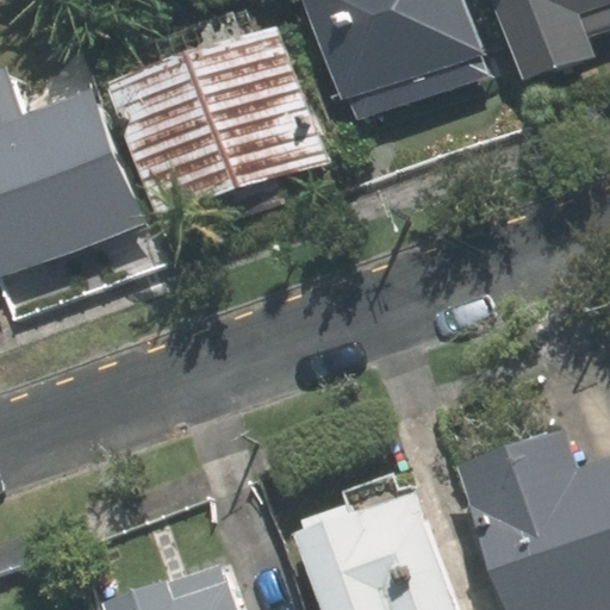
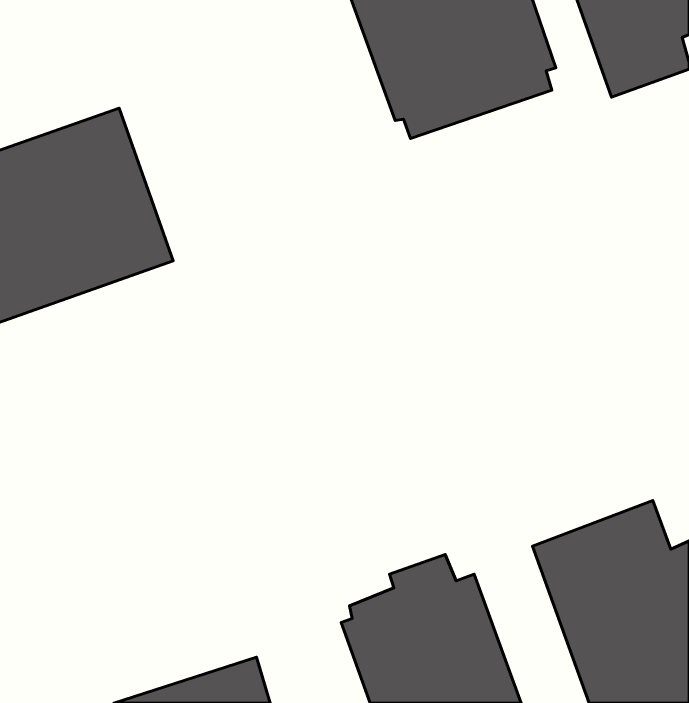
building: [118,19,331,222] -> none

